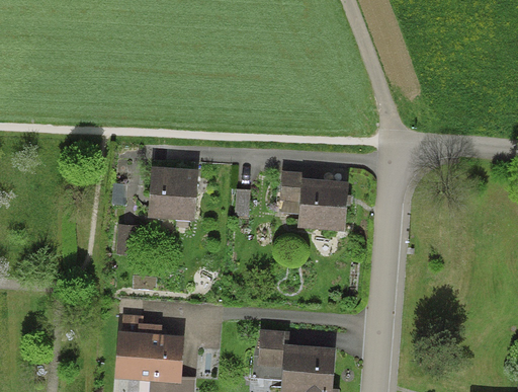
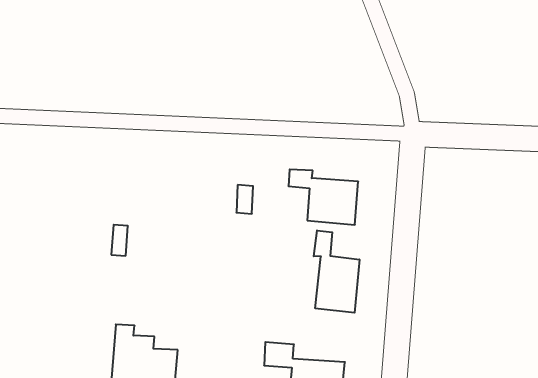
building: [149,172,195,217] -> none
building: none -> [314,230,359,313]

